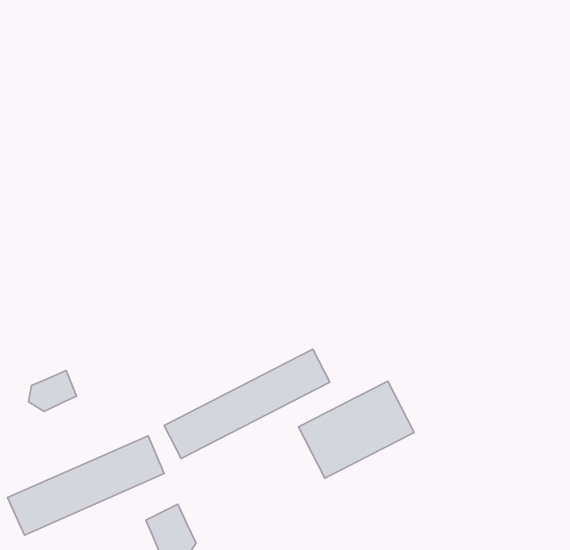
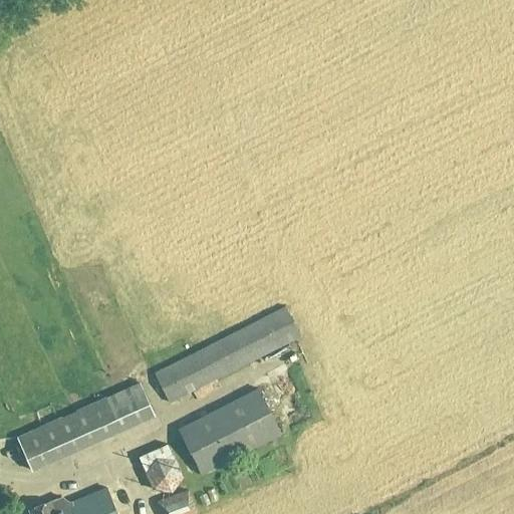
building: [28,371,76,412] -> none
building: [299,381,414,478] -> [178,390,279,475]

